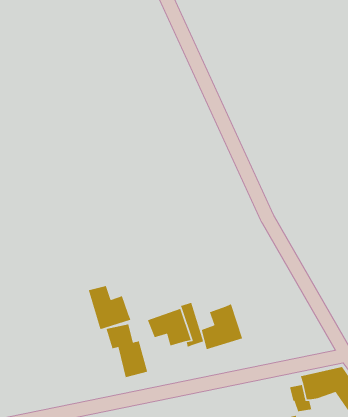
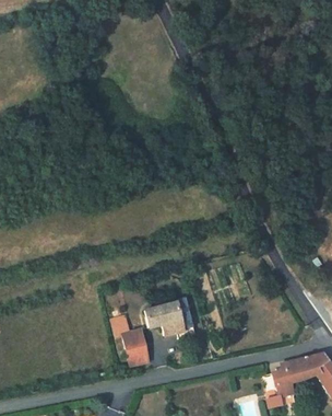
building: [88,285,132,330] -> none
building: [201,303,243,350] -> none

